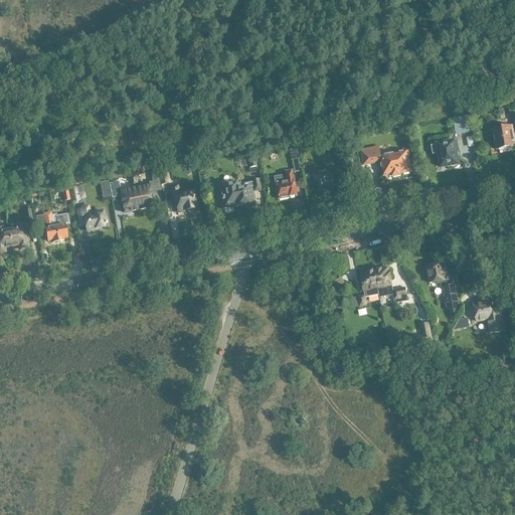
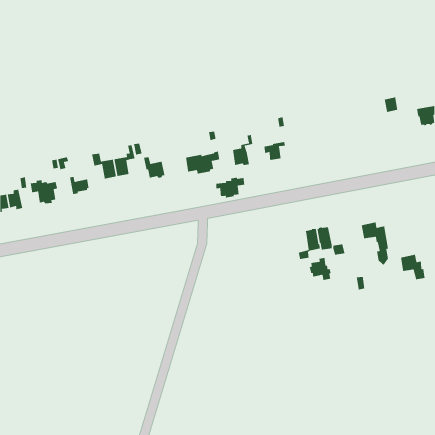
building: [430,140,458,166] -> none
building: [360,146,409,175] -> none
building: none -> [215,177,245,198]
building: none -> [309,257,332,281]

